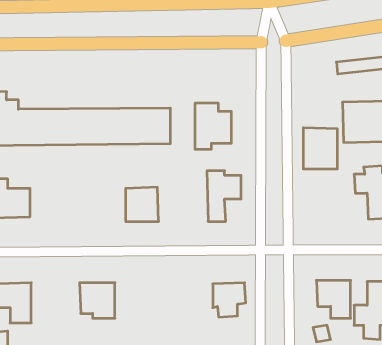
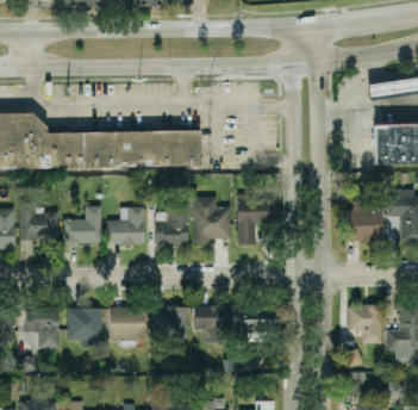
building: [195,103,231,149] -> [193,197,230,243]
building: [303,128,337,169] -> [348,199,382,241]
building: none -> [63,205,101,244]
building: none -> [106,206,144,244]
building: none -> [194,304,232,341]
building: none -> [67,306,102,347]
building: none -> [155,306,188,336]

